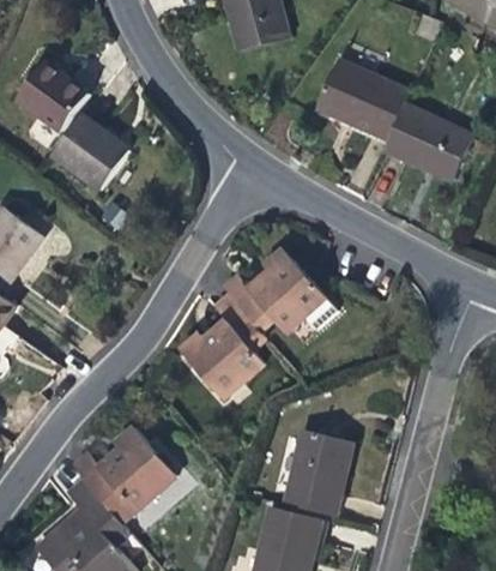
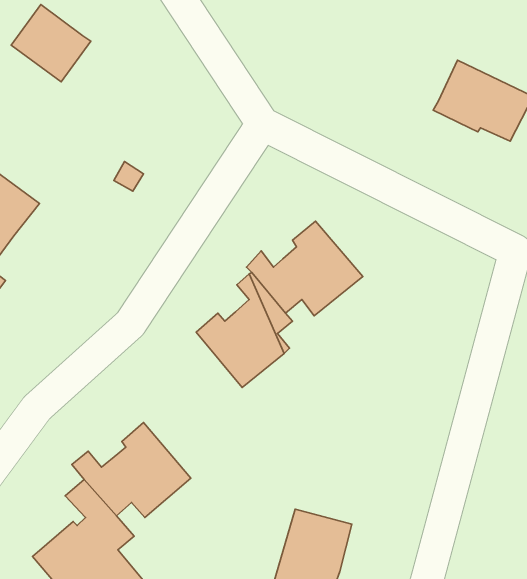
building: [325,65,417,145] -> none
building: [52,113,128,186] -> none
building: [285,431,353,517] -> none

